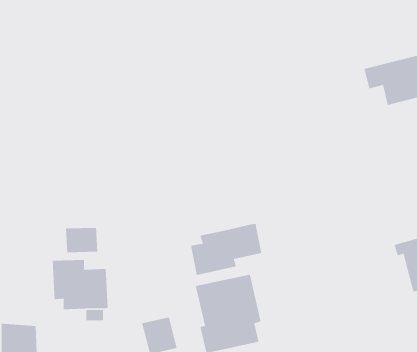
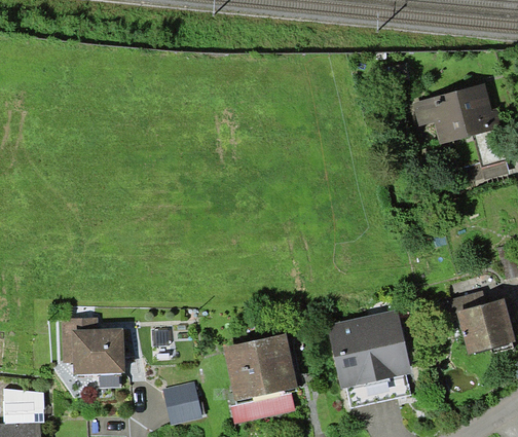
building: [190,223,262,276] -> none
building: [65,227,98,253] -> none
building: none -> [327,309,411,407]

